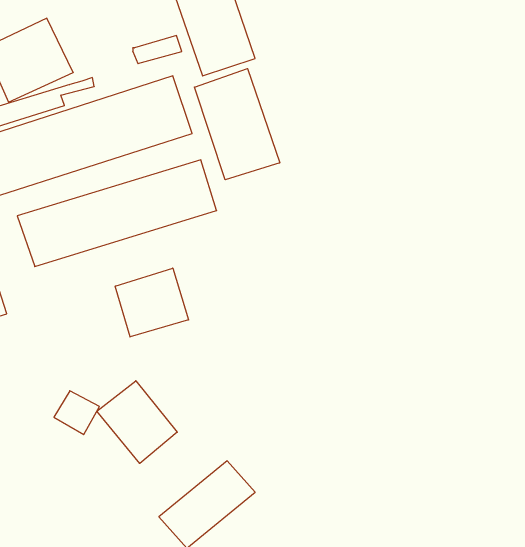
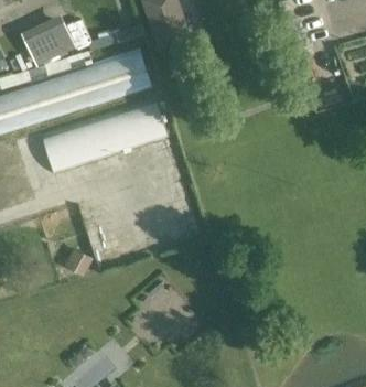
building: [194,69,280,180] -> none
building: [115,268,189,337] -> none
building: [97,381,177,463] -> none

